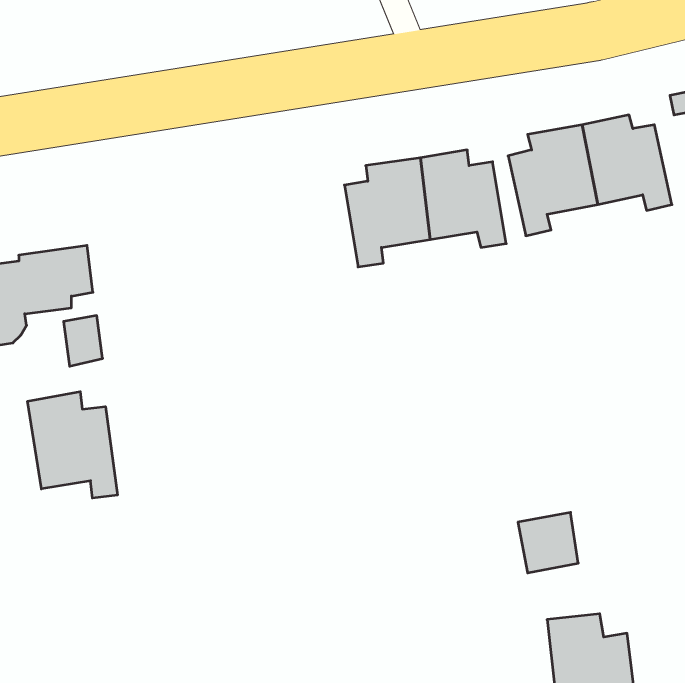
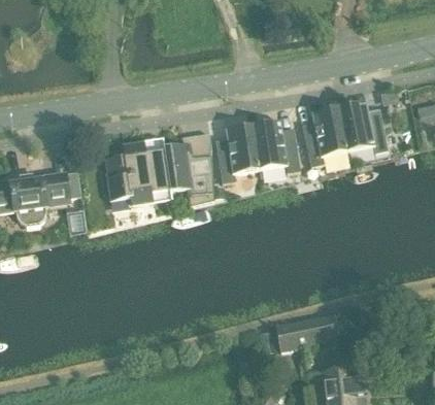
building: none -> [105,131,215,205]
building: [28,392,117,498] -> none
building: none -> [276,316,311,349]

